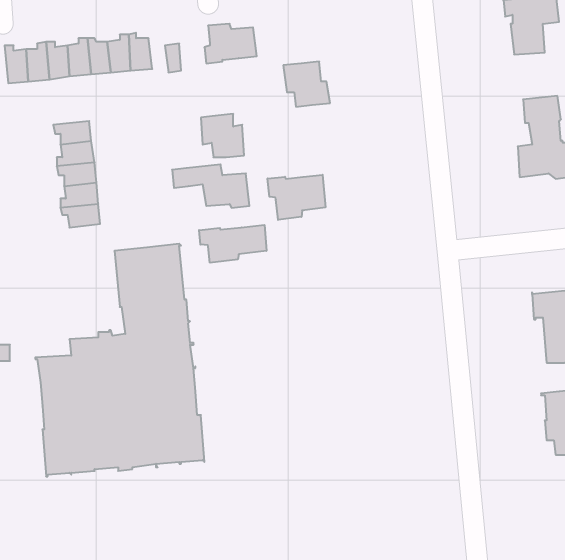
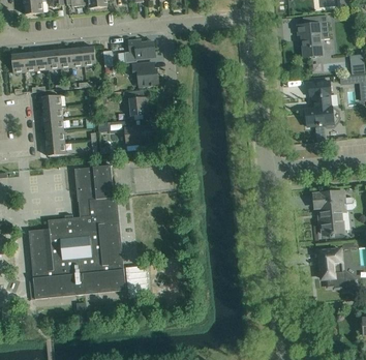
building: [283,62,330,107] -> [131,61,158,87]
building: [268,175,325,220] -> none
building: [199,225,266,263] -> none

